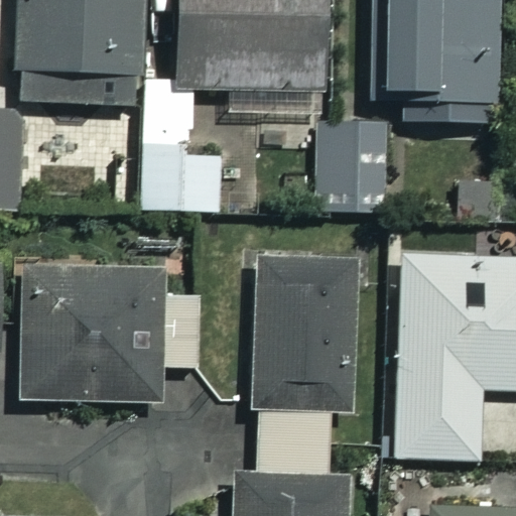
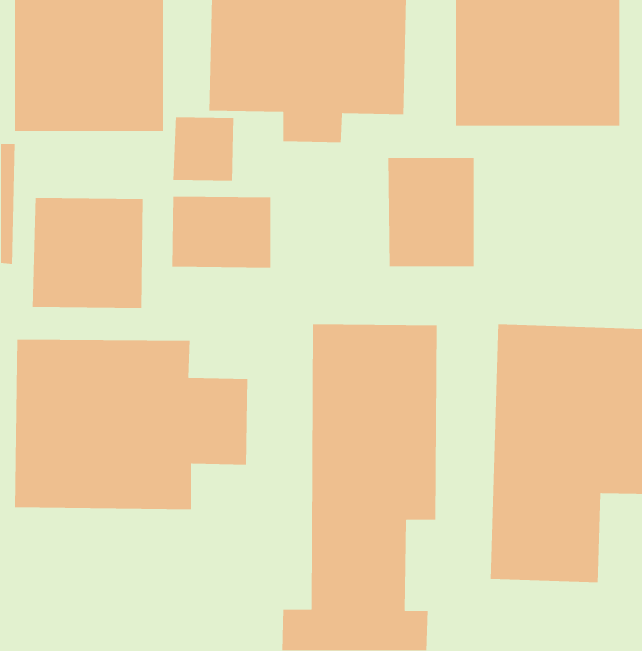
building: none -> [32,197,144,309]

